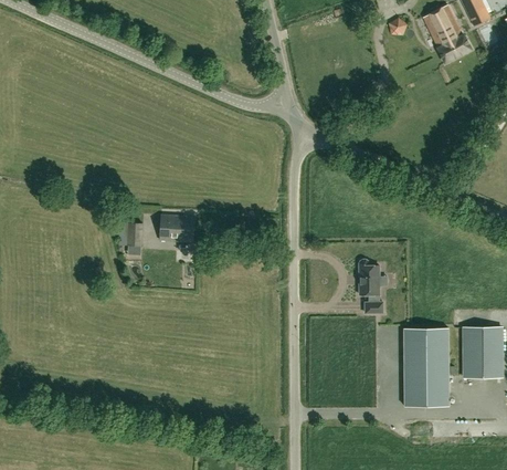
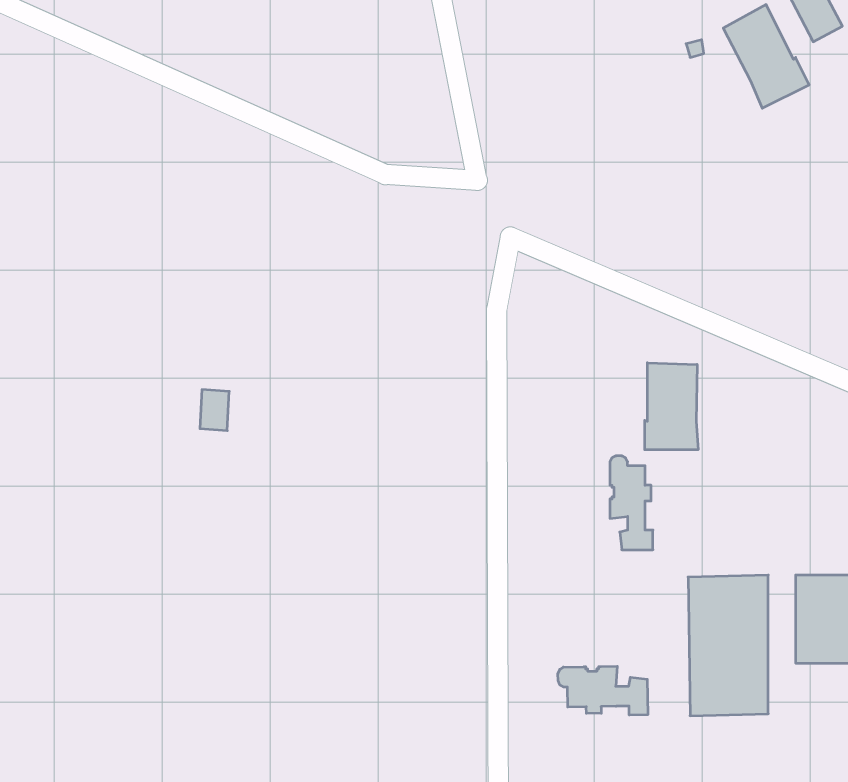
building: none -> [645,363,698,450]
building: [160,213,194,241] -> none
building: none -> [558,666,648,715]

